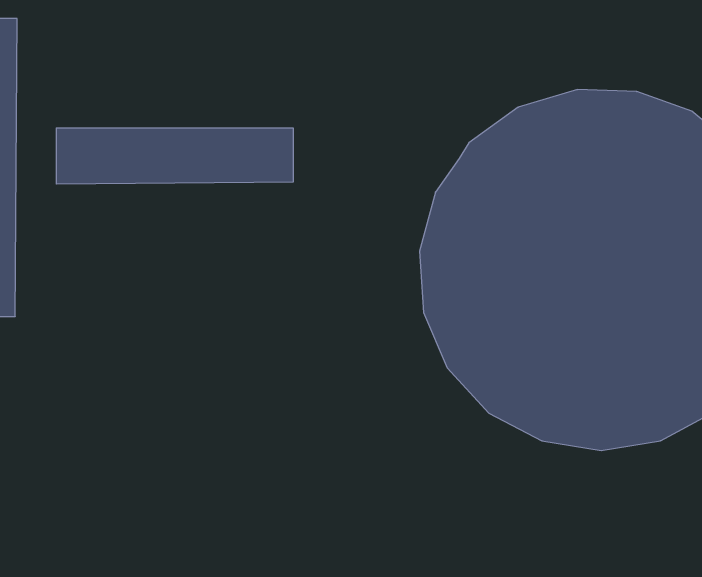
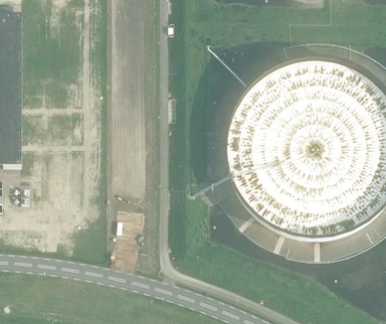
building: [56,128,293,184] -> none

